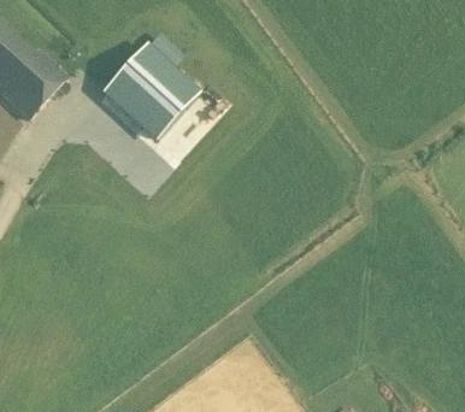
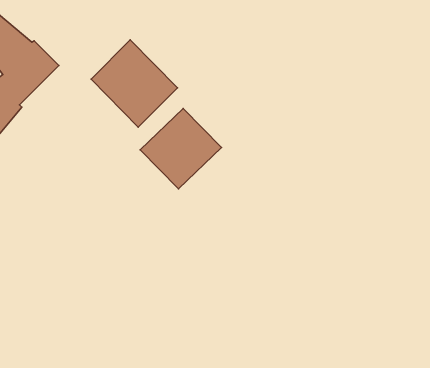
building: none -> [140,108,221,189]

